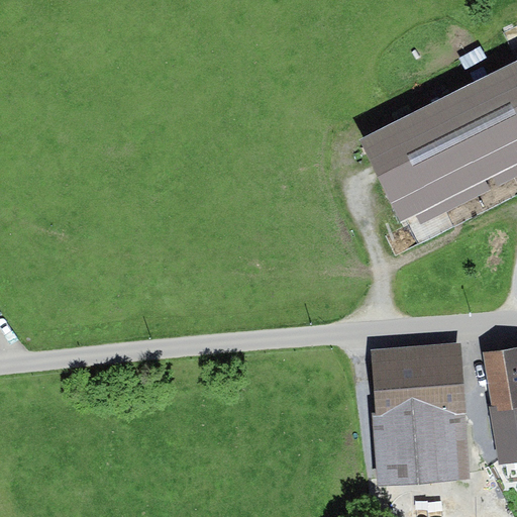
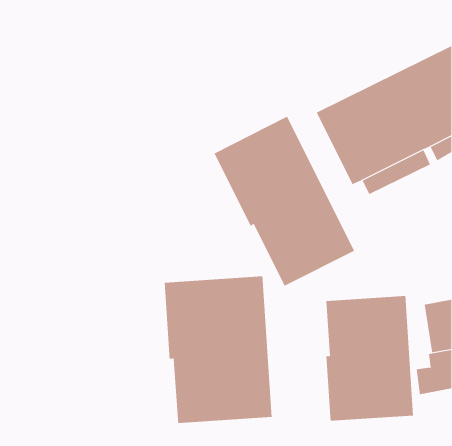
building: none -> [214,116,355,287]
building: none -> [164,275,272,424]

